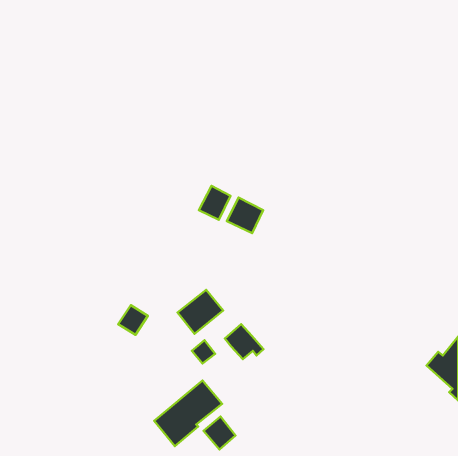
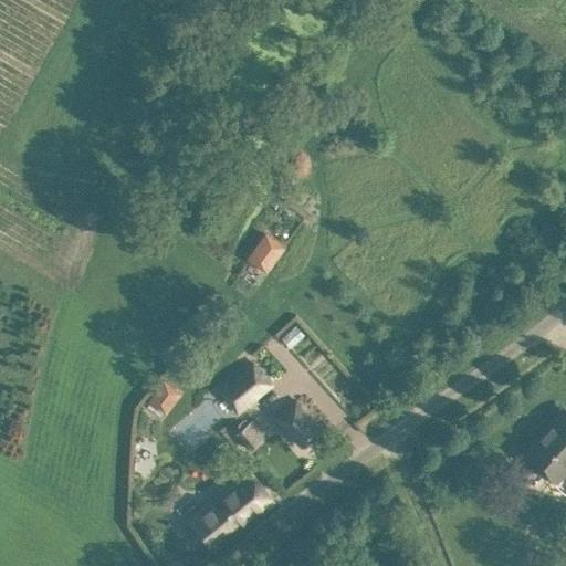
building: [227,197,263,233] -> none
building: [203,417,236,449] -> none

